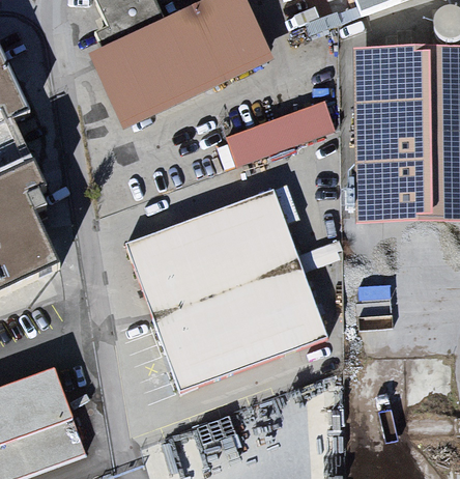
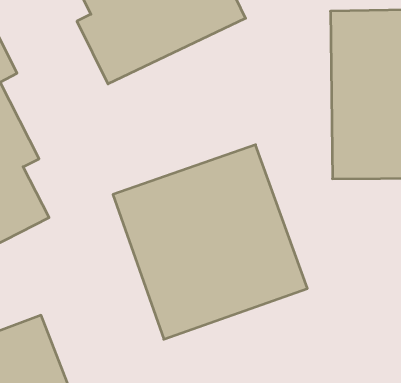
building: [231,100,339,167] -> none

